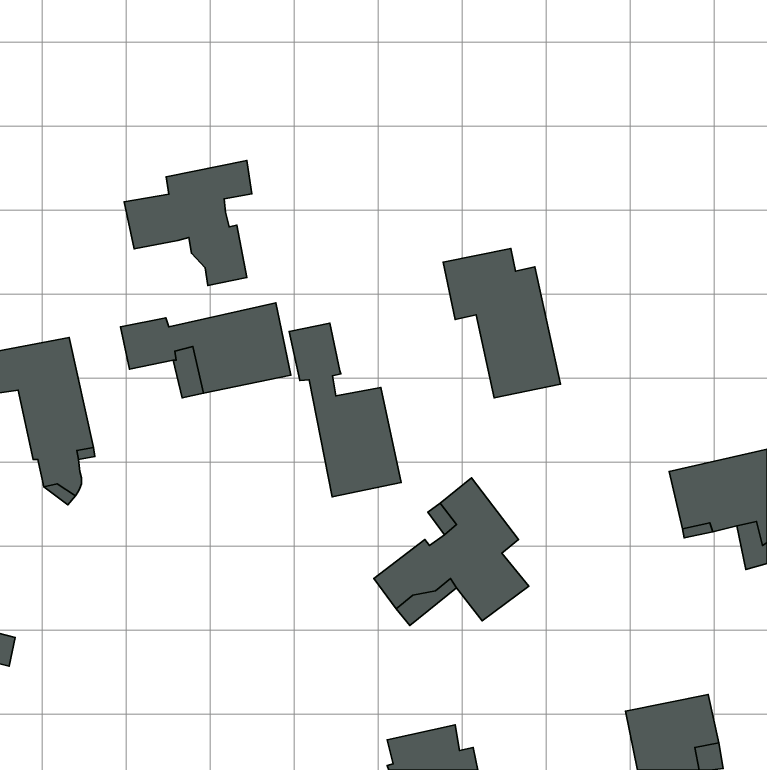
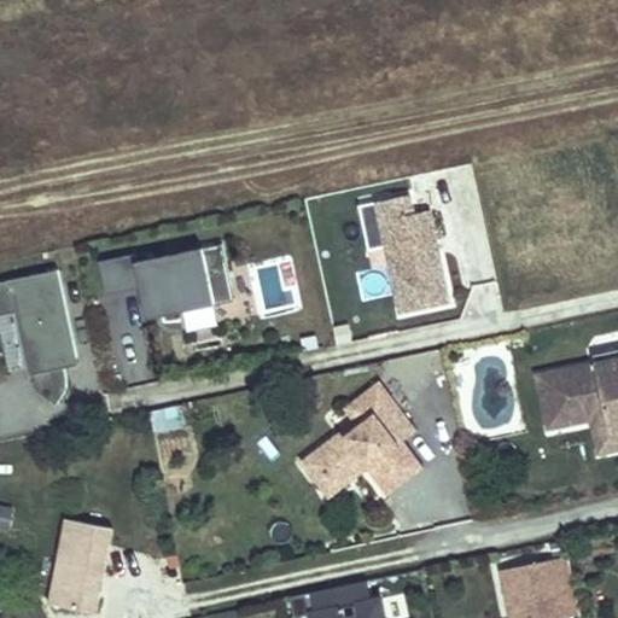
building: [124,161,252,285] -> none
building: [289,323,401,497] -> none
building: none -> [47,517,111,611]

